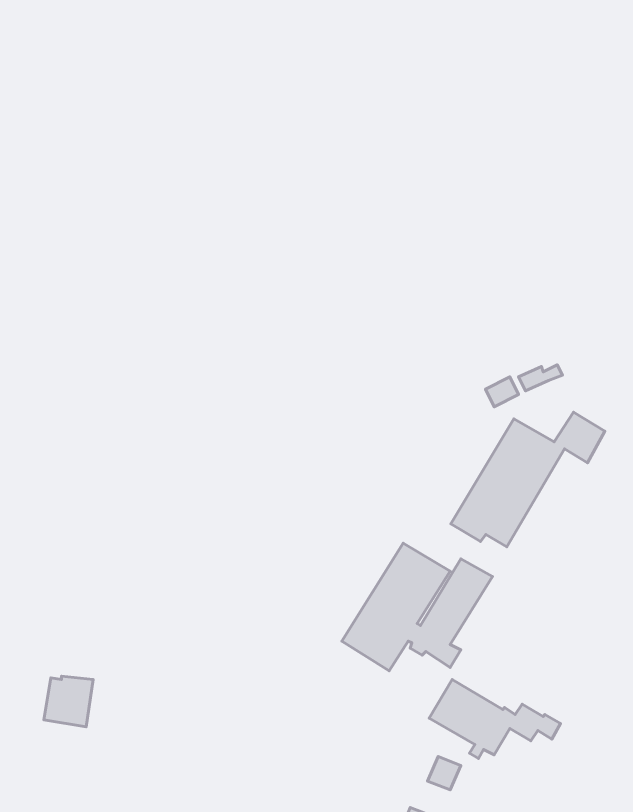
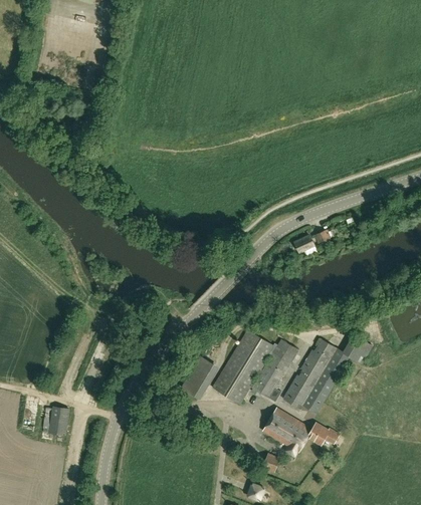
building: [451,412,605,547] -> [282,334,371,412]
building: none -> [182,356,215,396]

